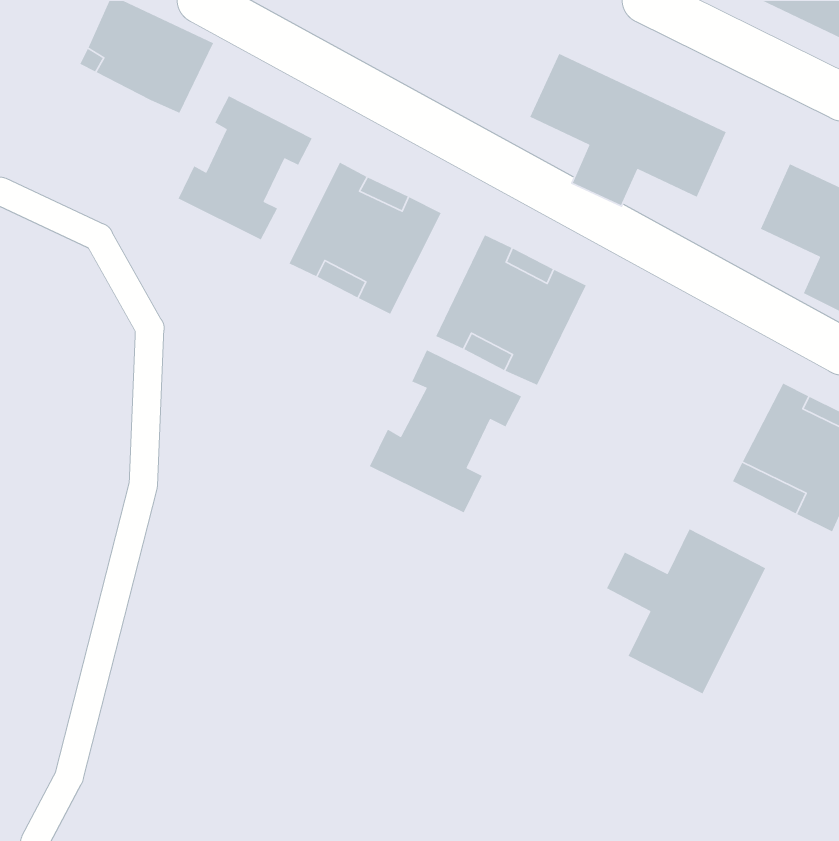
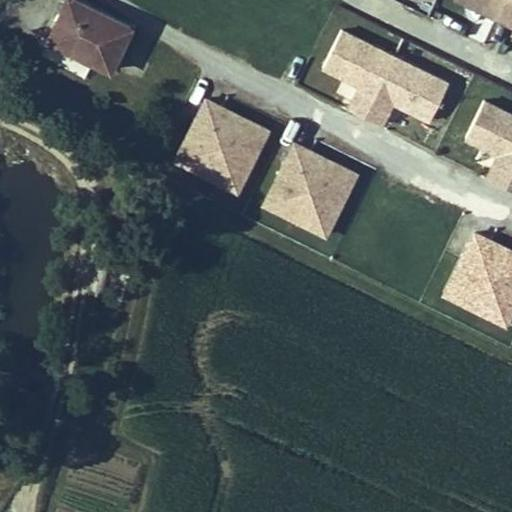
building: [178,95,313,240] -> none
building: [369,349,522,513] -> none
building: [606,528,766,694] -> none

